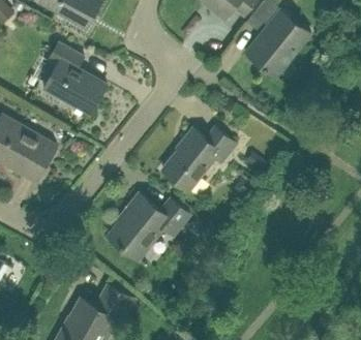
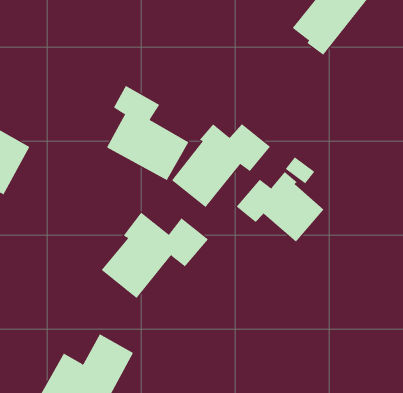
building: [43,41,106,113] -> [106,85,189,181]
building: none -> [236,171,324,243]

